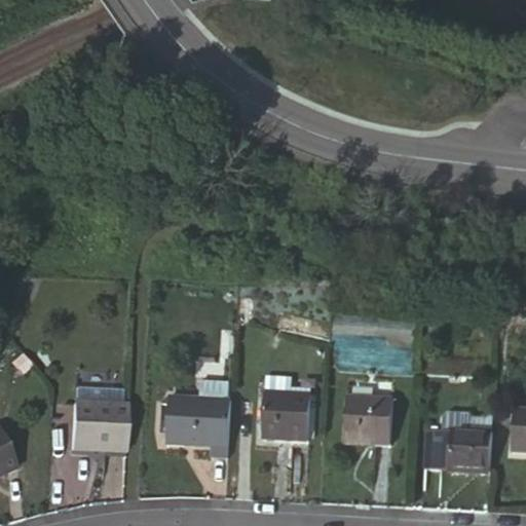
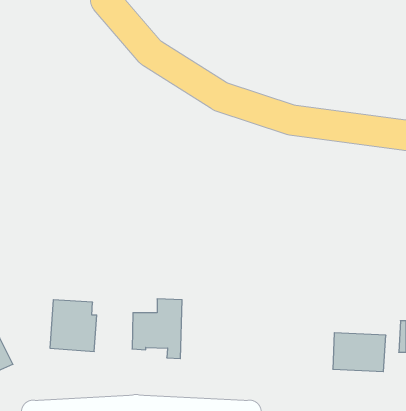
building: [263,362,311,440] -> none
building: [346,396,393,447] -> none

